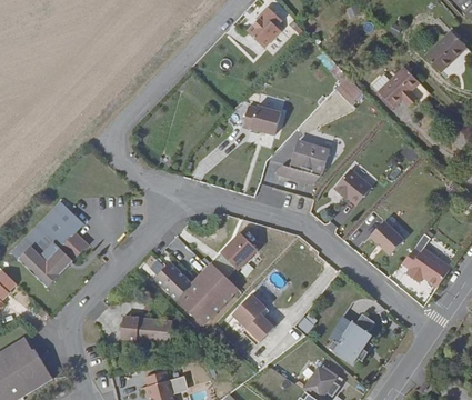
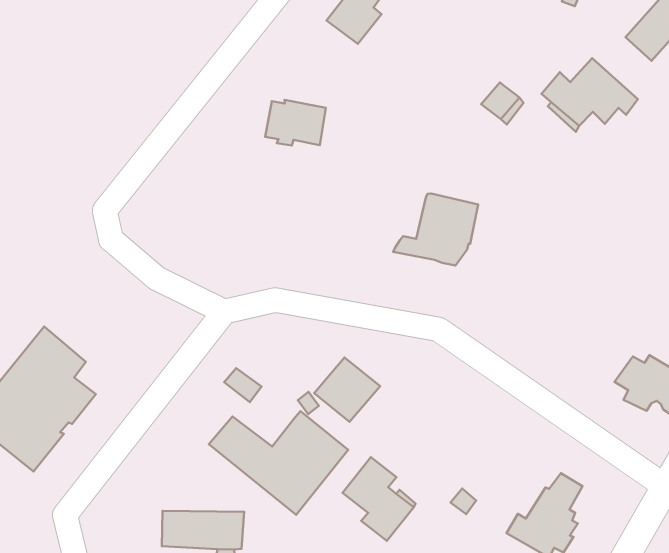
building: [242,104,280,133] -> [265,100,326,146]
building: [332,167,371,203] -> none
building: [369,219,403,253] -> none

